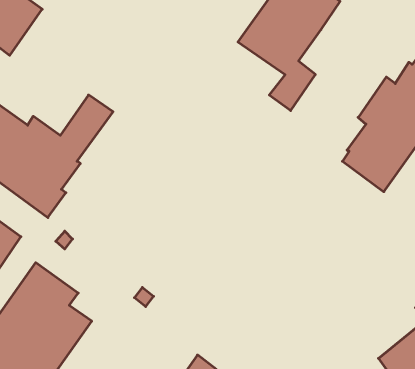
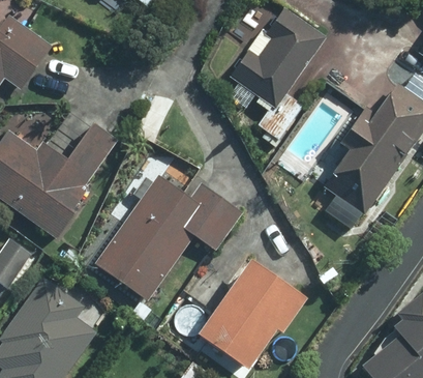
building: none -> [96,176,241,299]
building: none -> [197,261,304,370]

